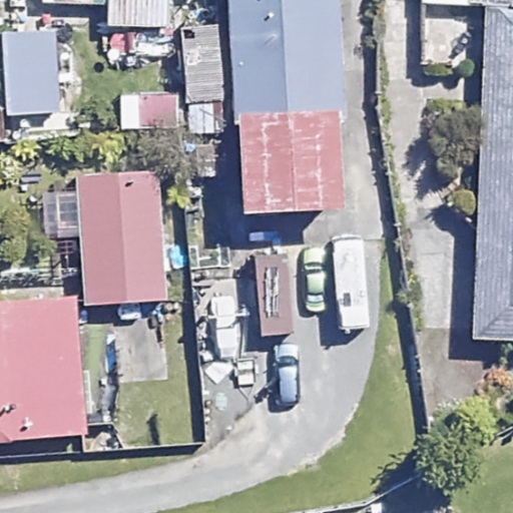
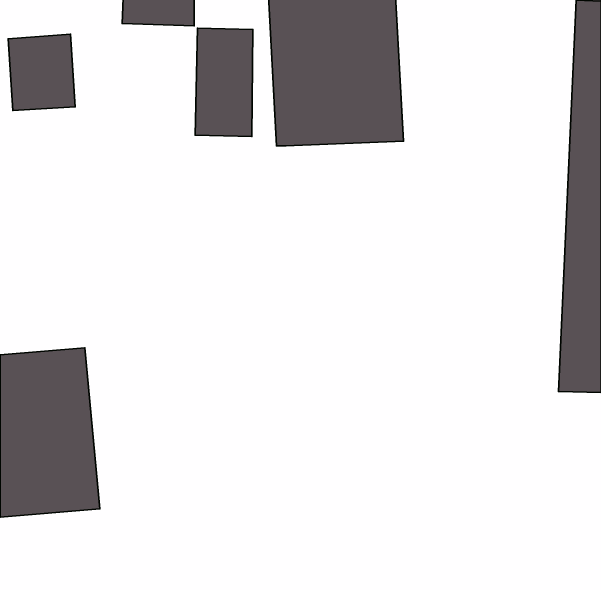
building: [243,120,349,223] -> none
building: [48,174,163,303] -> none

